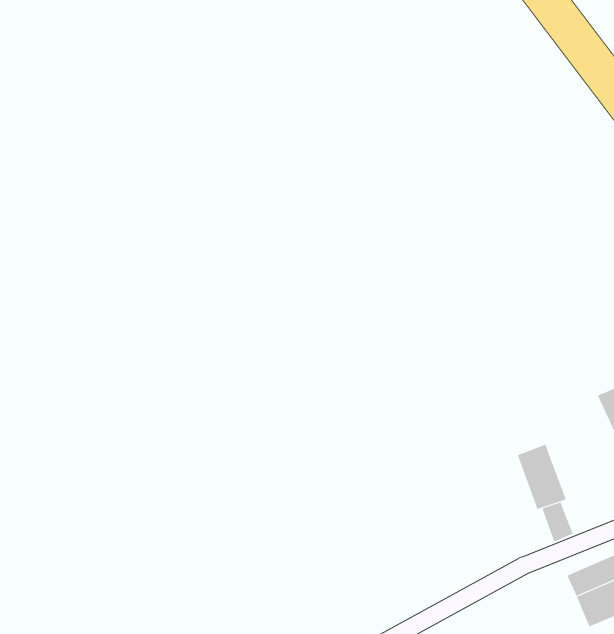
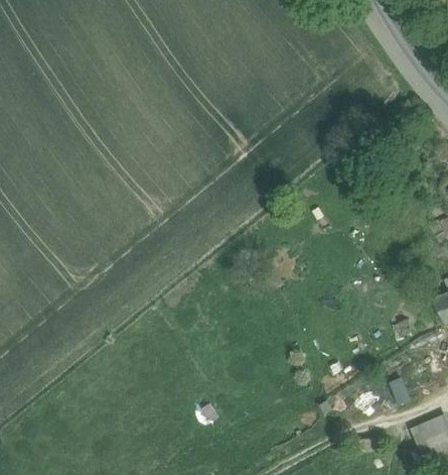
building: [517,444,566,510] -> none

